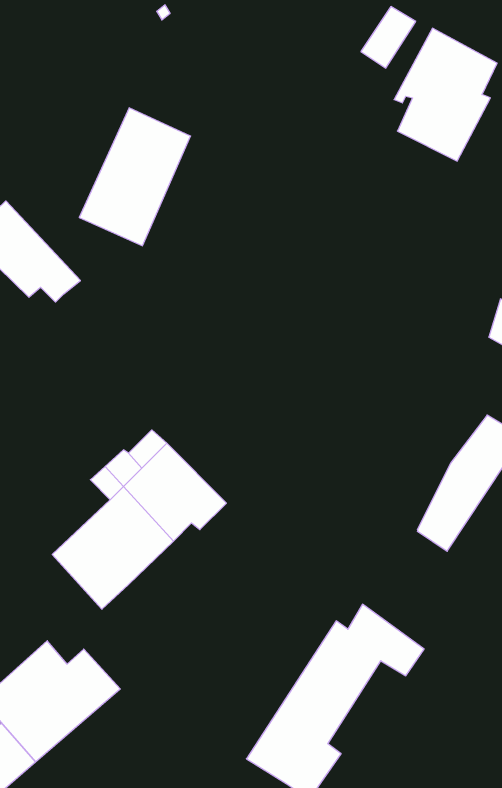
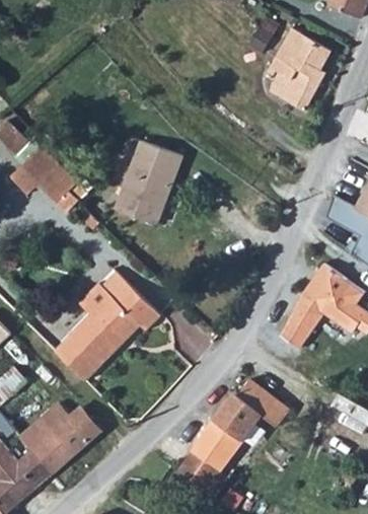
building: [79,108,191,246] -> [114,143,181,227]

